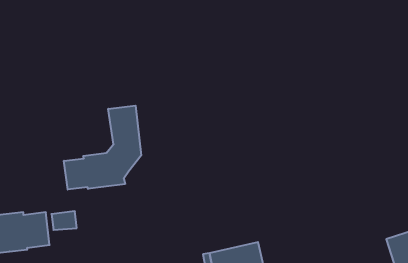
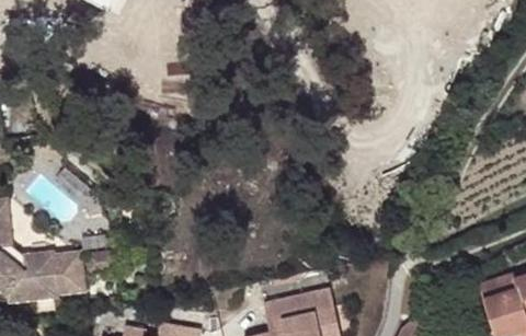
building: [64,106,141,190] -> none

